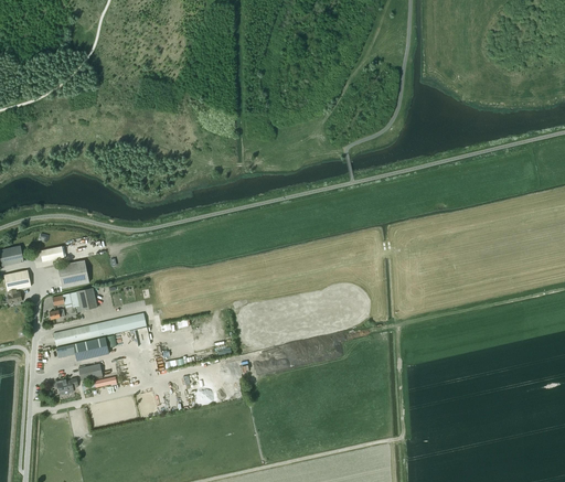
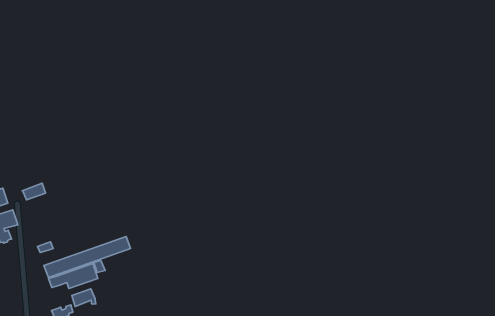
building: [57,259,89,287] -> none
building: [52,287,97,311] -> none

